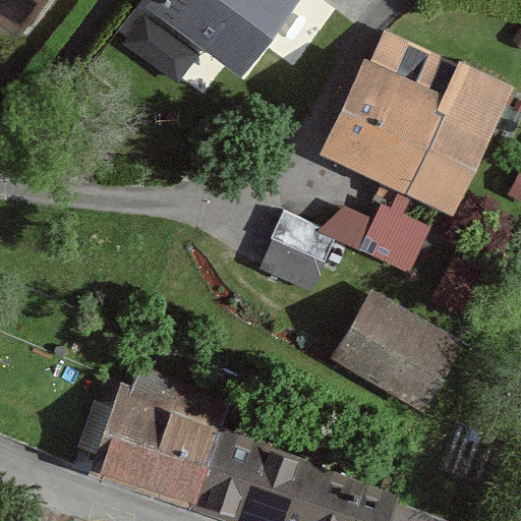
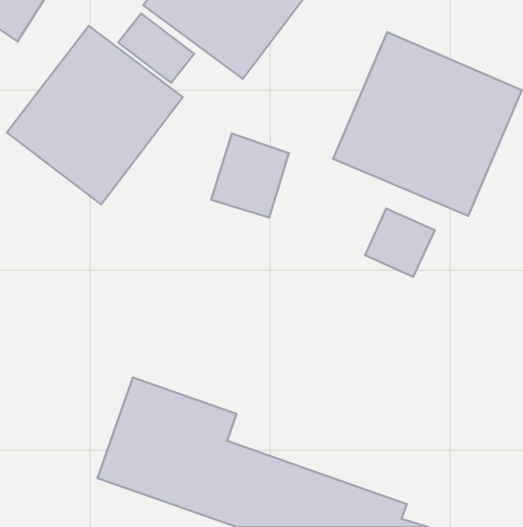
building: none -> [7,26,183,204]
building: [254,216,331,298] -> [211,133,289,217]
building: [333,295,460,410] -> none

